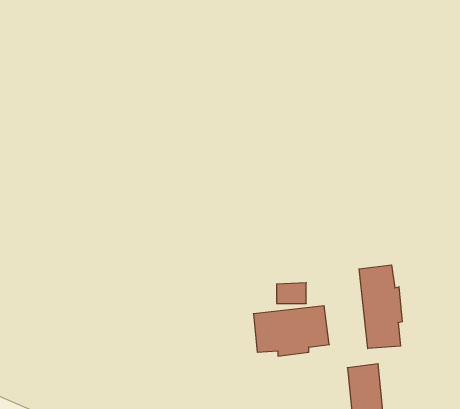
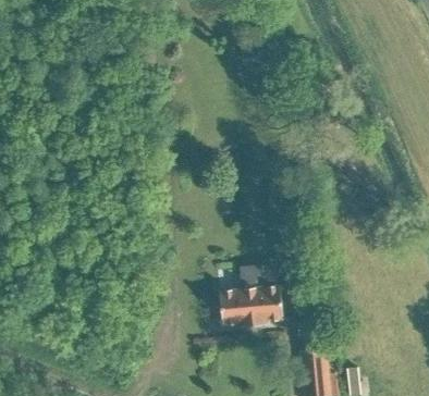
building: [359,265,402,349] -> none

